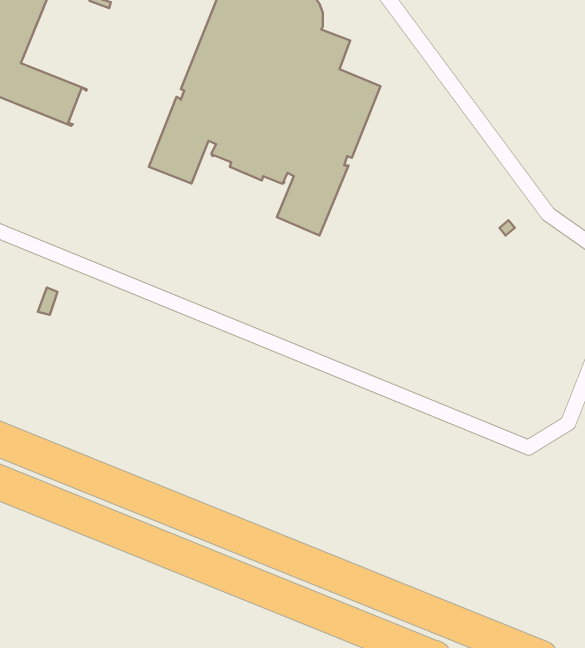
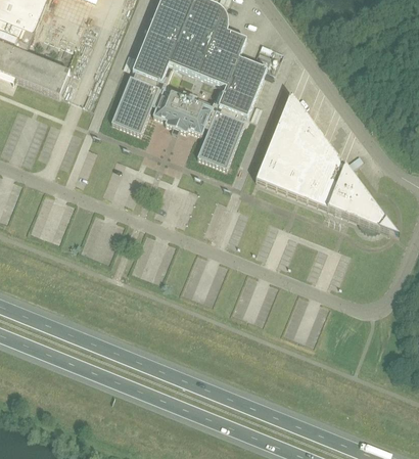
building: none -> [255,91,399,235]

